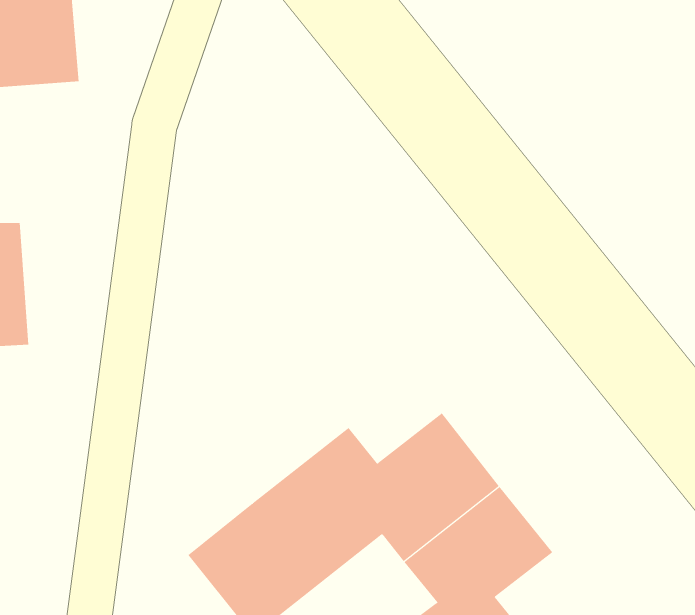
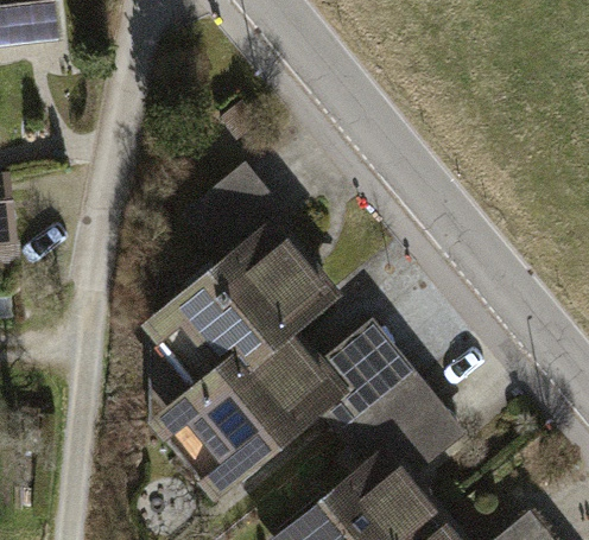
building: none -> [148,182,330,418]

